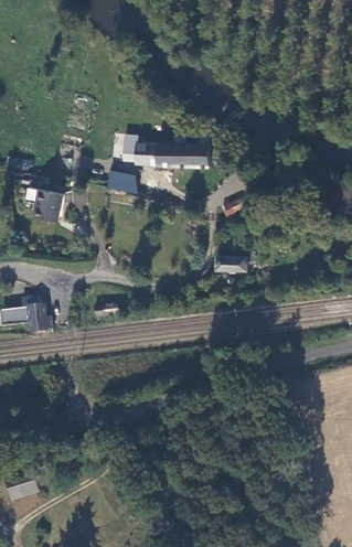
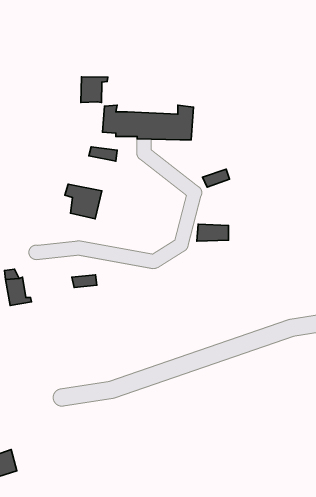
building: none -> [81,77,108,103]
building: [26,189,63,223] -> [65,184,102,219]

